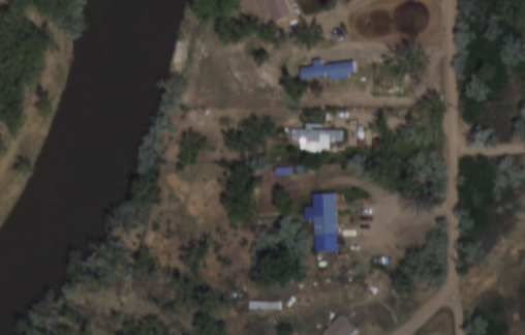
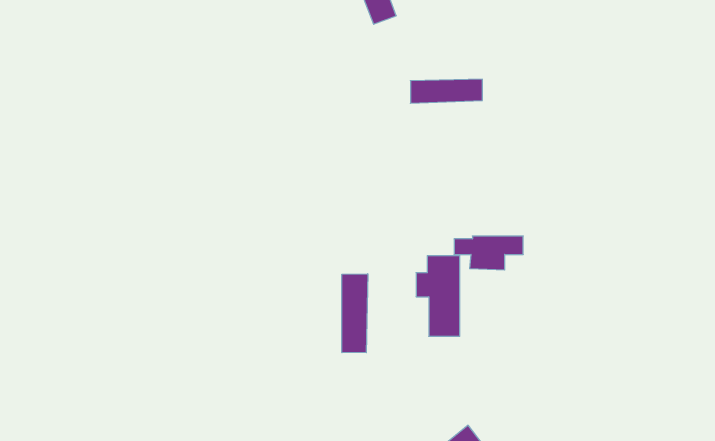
building: [291,127,342,152] -> [454,236,523,270]
building: none -> [342,274,368,353]

